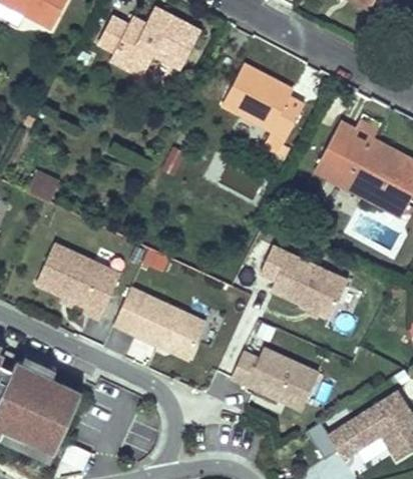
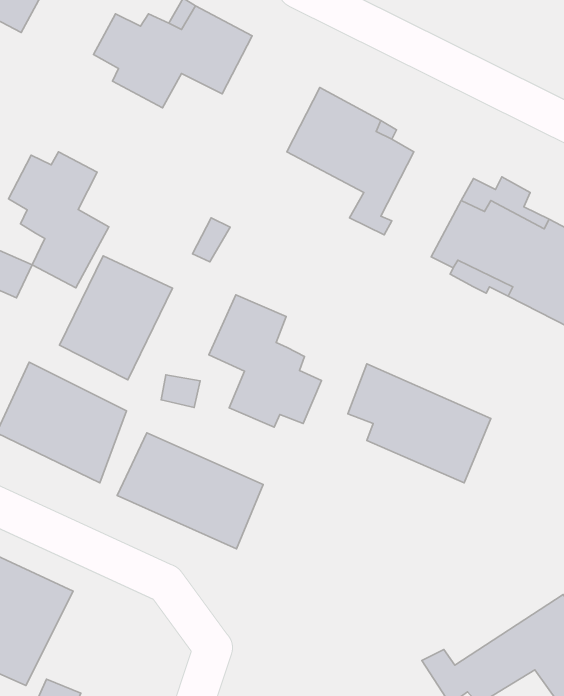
building: none -> [8,152,109,288]
building: none -> [60,256,172,380]
building: none -> [209,295,321,427]
building: [232,348,318,411] -> none

